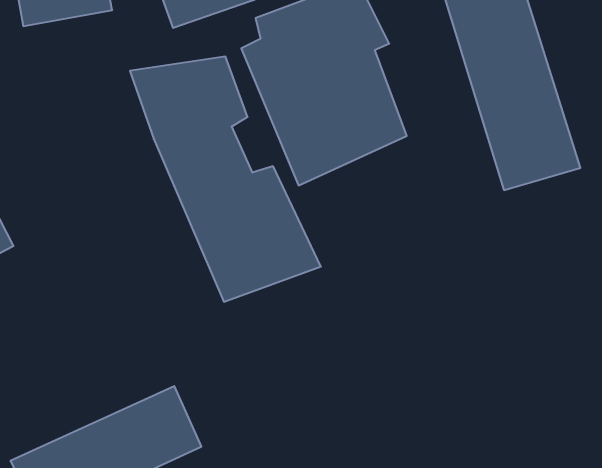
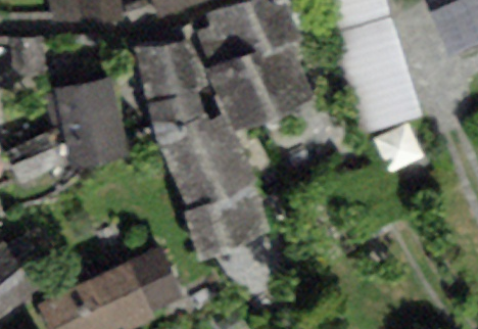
building: none -> [54,79,124,160]
building: none -> [189,175,267,248]

